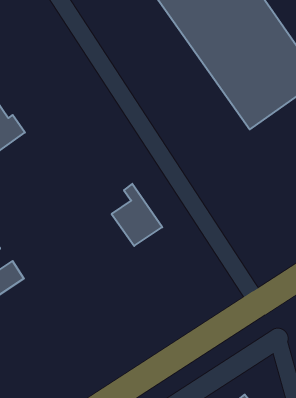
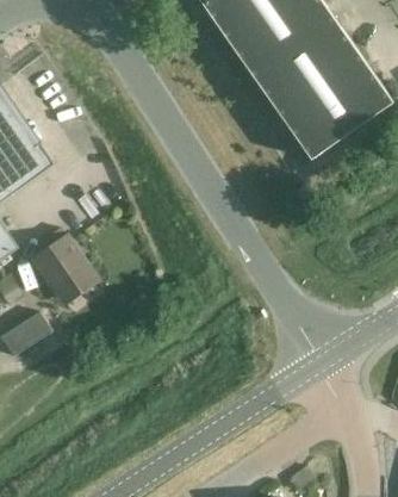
building: [112,184,162,246] -> [36,226,94,298]

